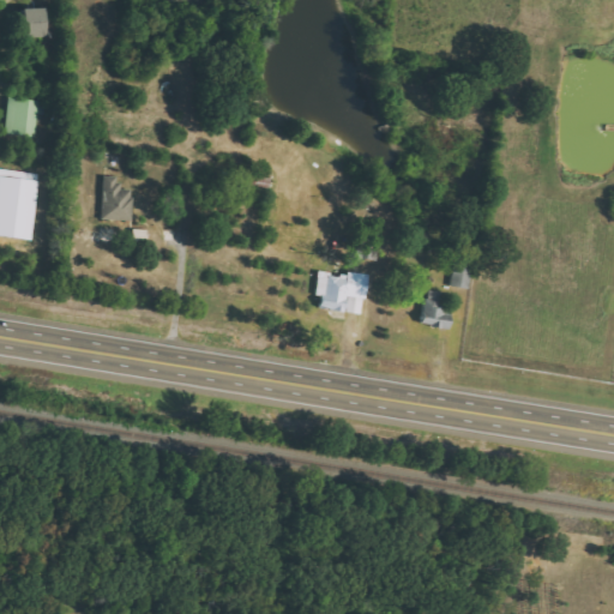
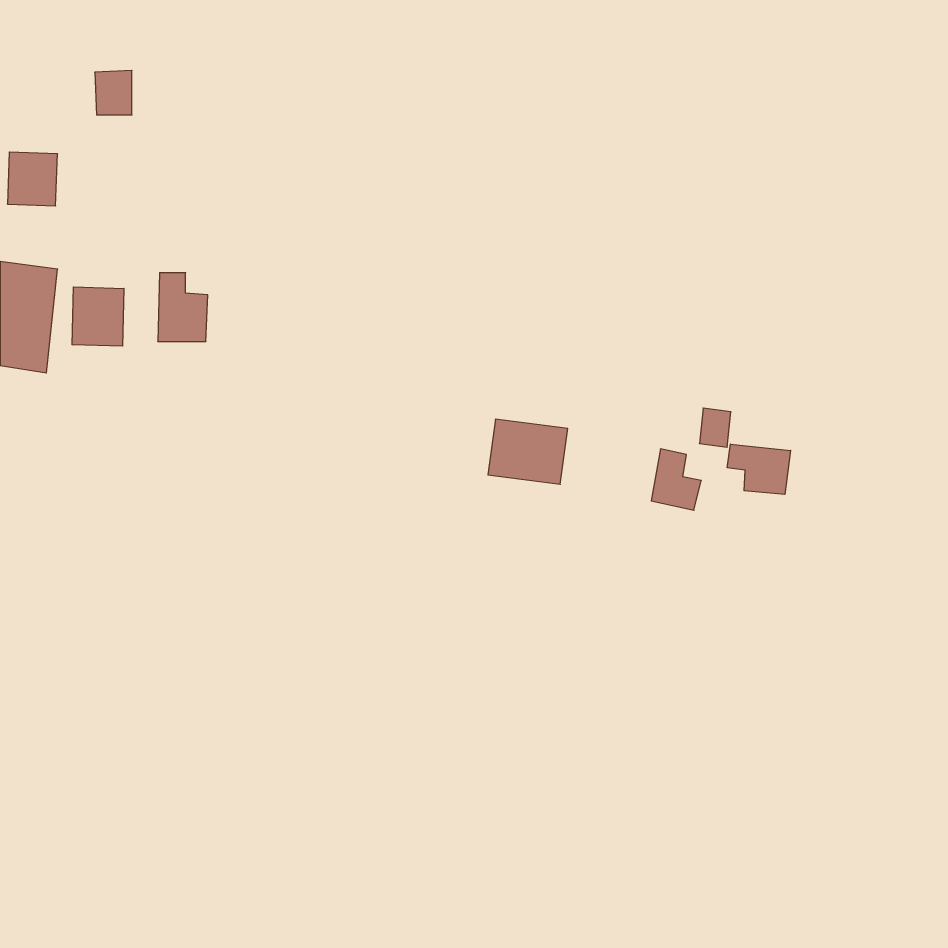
building: [16,7,40,36] -> [95,70,132,115]
building: none -> [72,287,124,346]
building: none -> [727,444,791,494]

